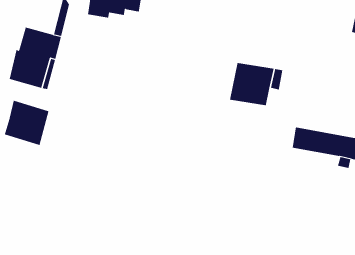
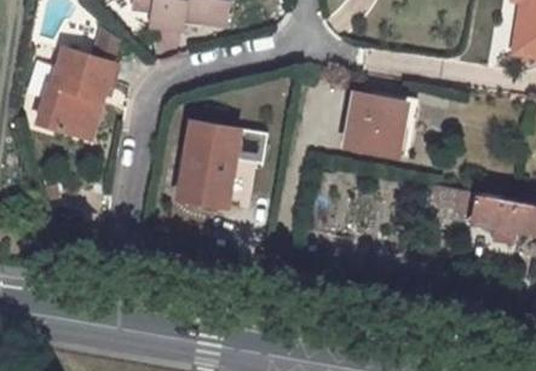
building: none -> [177,121,267,208]
building: [4,100,49,146] -> none

